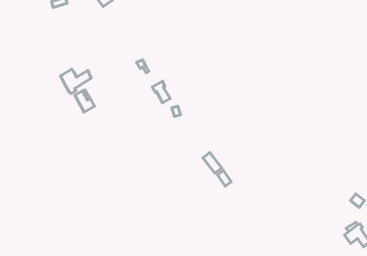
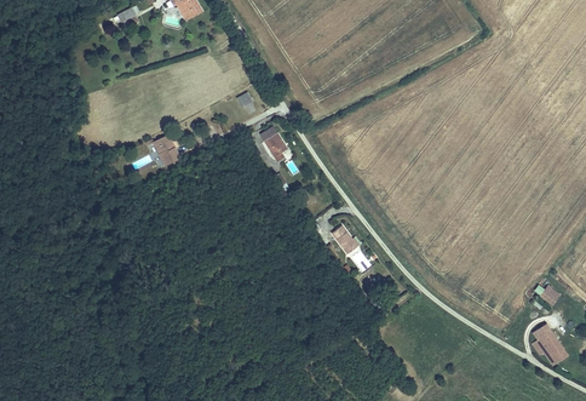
building: [61,69,91,94] -> none

